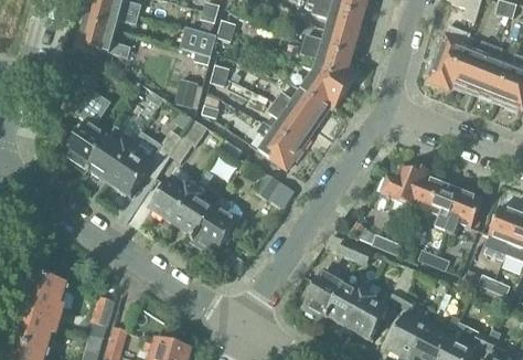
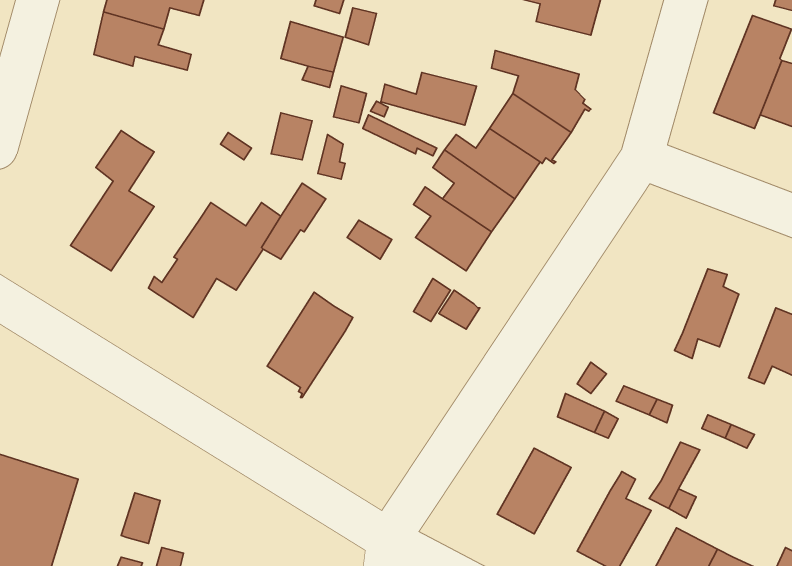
building: [302,29,356,59] -> [381,73,476,125]
building: [85,127,135,180] -> none
building: [380,165,423,205] -> none
building: [150,176,200,224] -> none
building: [429,183,461,231] -> none
building: [193,197,243,256] -> none
building: [324,282,373,329] -> none

